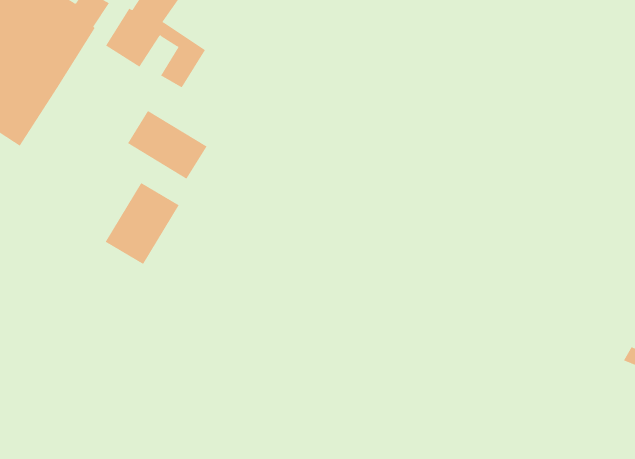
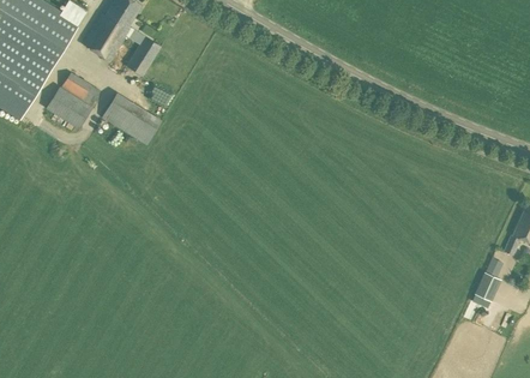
building: none -> [44,72,98,128]
building: [105,182,180,265] -> none

